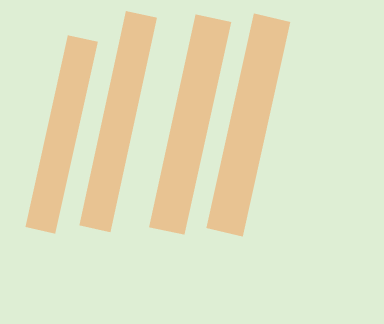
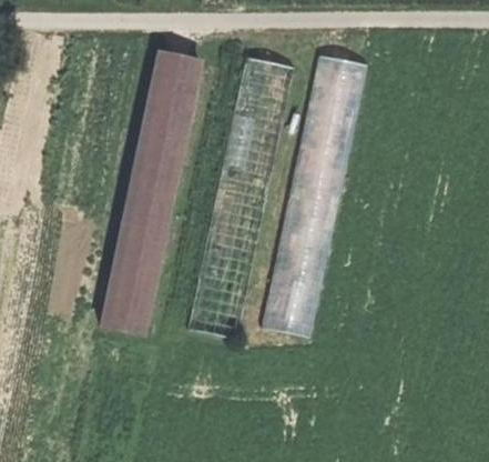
building: [25,34,98,234] -> none

